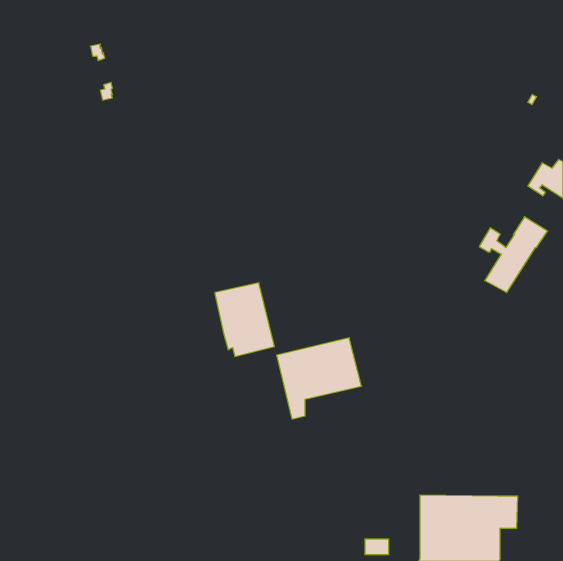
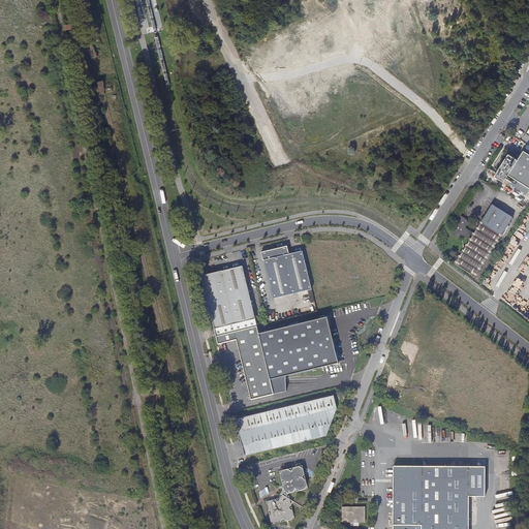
building: none -> [261,245,312,298]
building: none -> [216,325,274,399]
building: none -> [236,396,337,455]
building: none -> [267,465,307,523]

